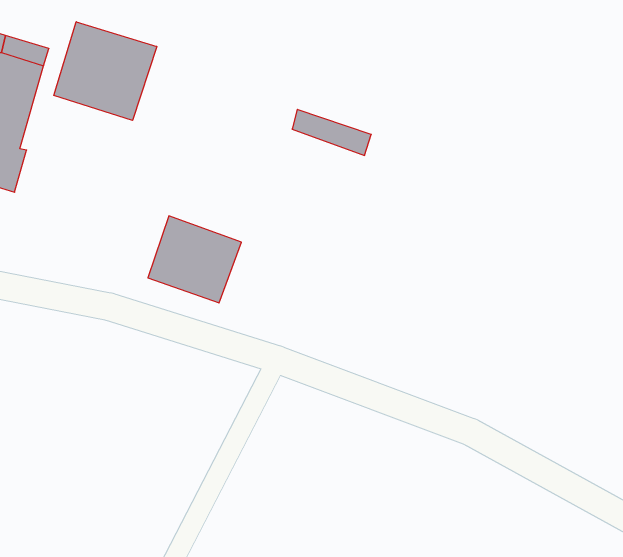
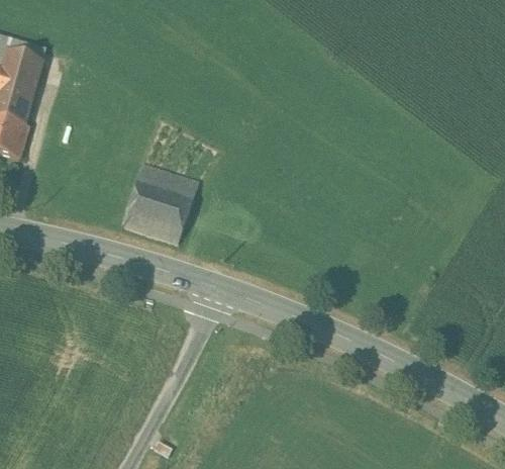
building: [54,22,157,120] -> none
building: [292,109,371,155] -> [137,163,198,198]

